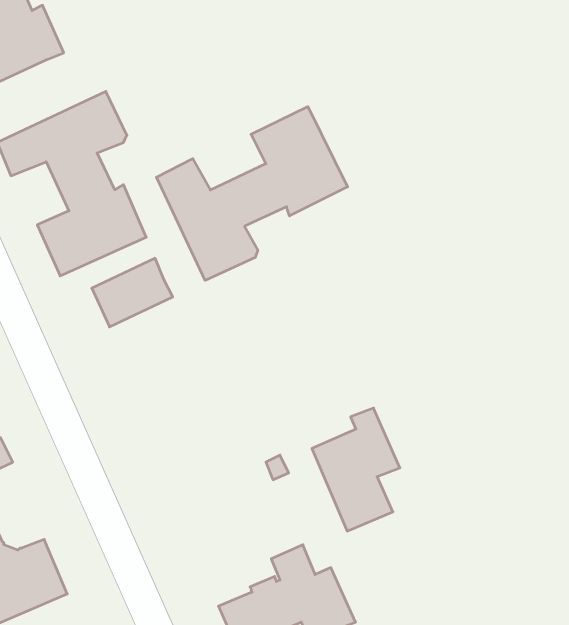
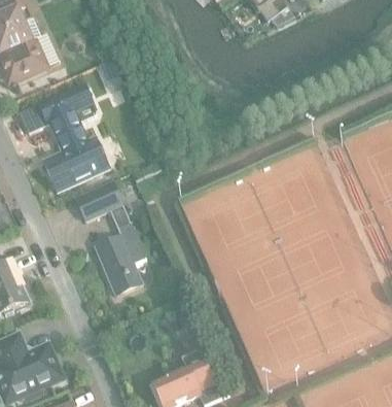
building: [156,107,348,280] -> none
building: [312,408,400,531] -> [95,222,146,294]

